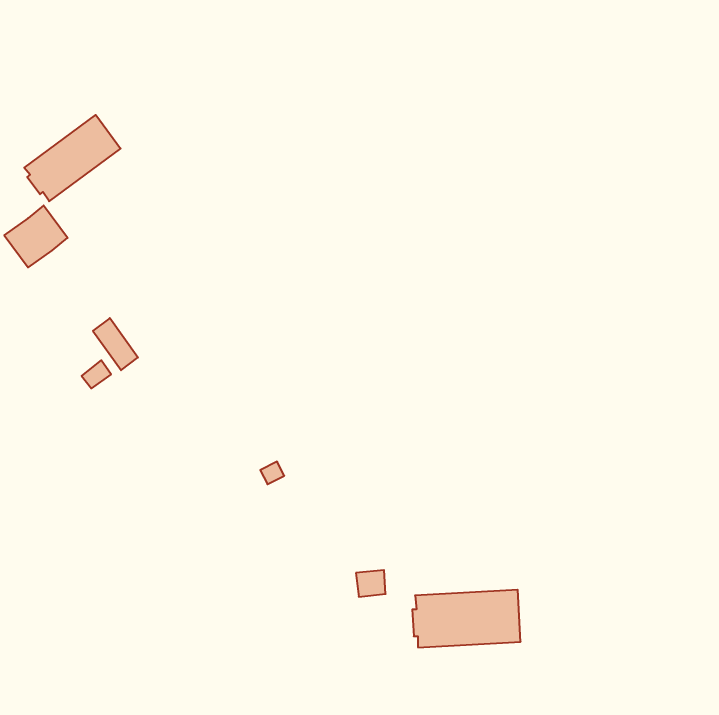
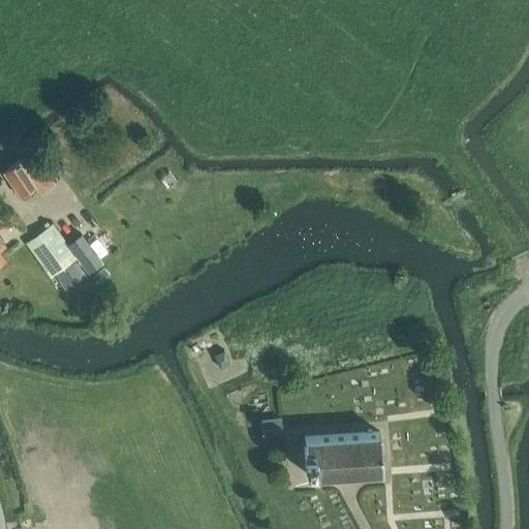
building: [24,115,121,201] -> none
building: none -> [29,227,75,277]

